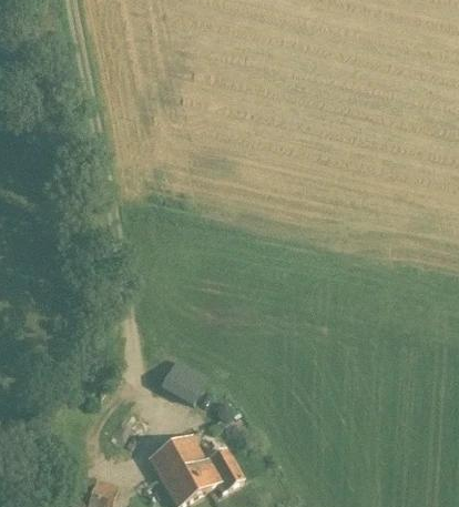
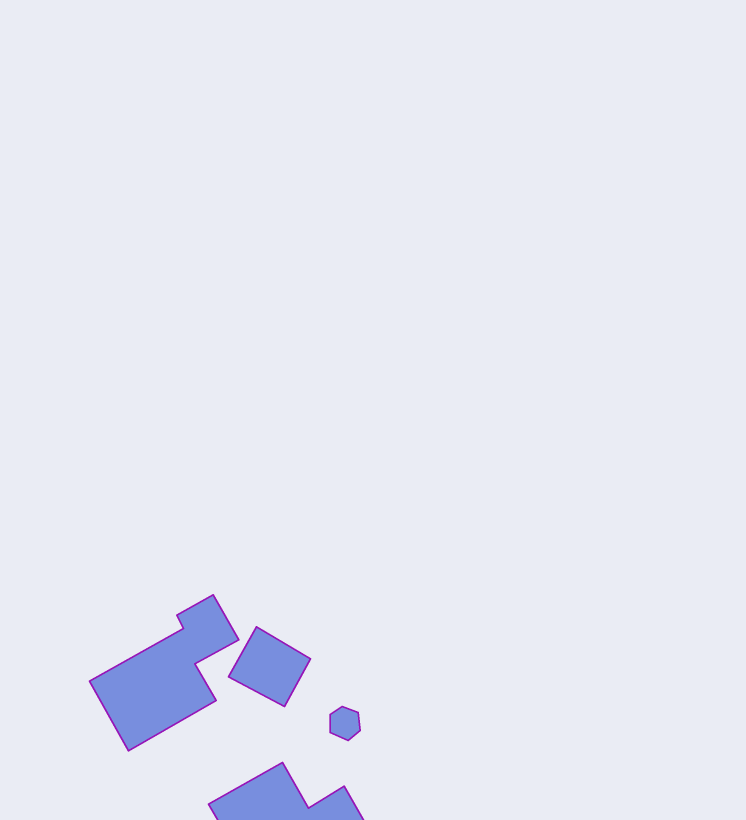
building: none -> [90,595,239,751]

